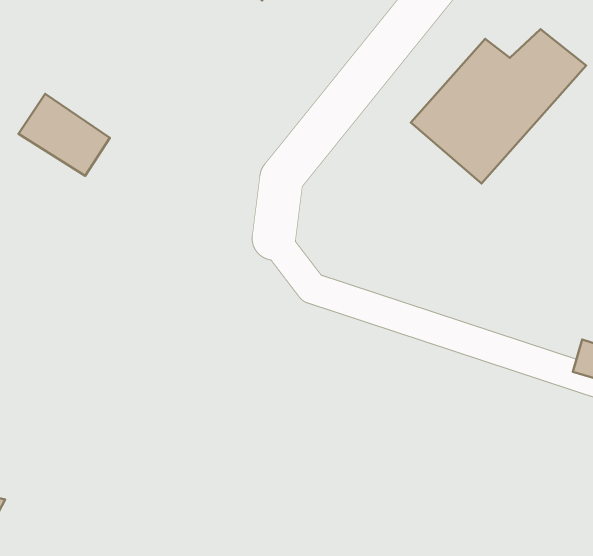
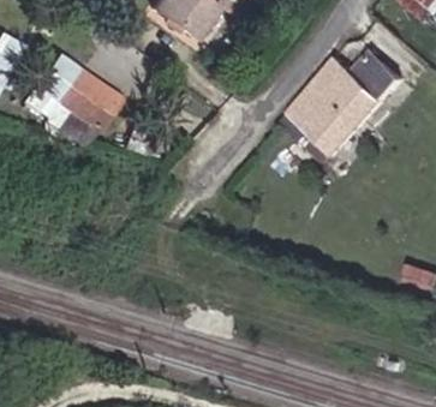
building: none -> [59,70,120,125]

